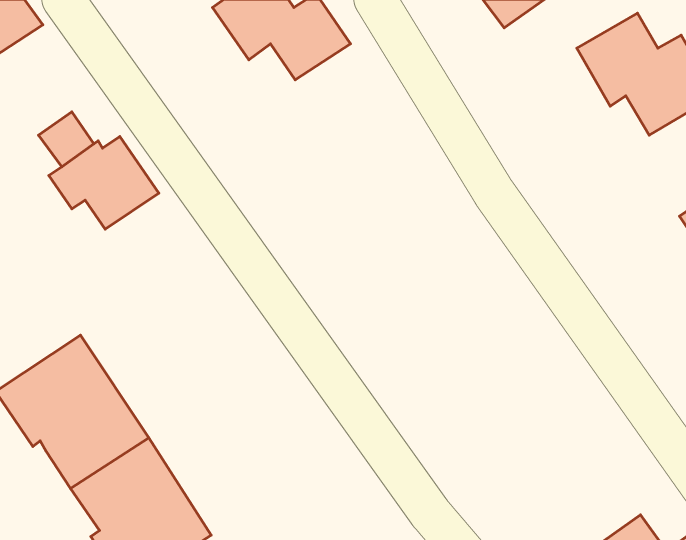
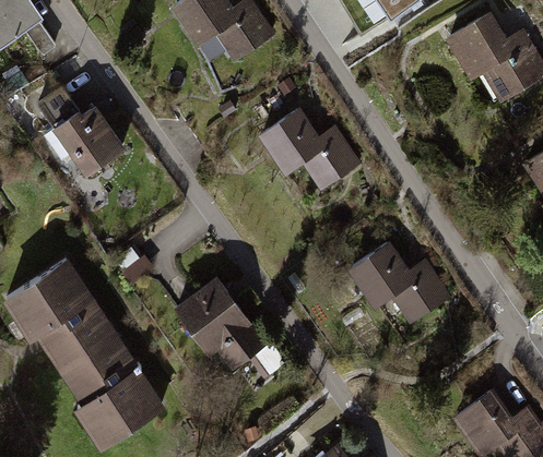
building: none -> [256,109,361,193]
building: none -> [345,242,451,326]
building: none -> [175,278,285,382]

